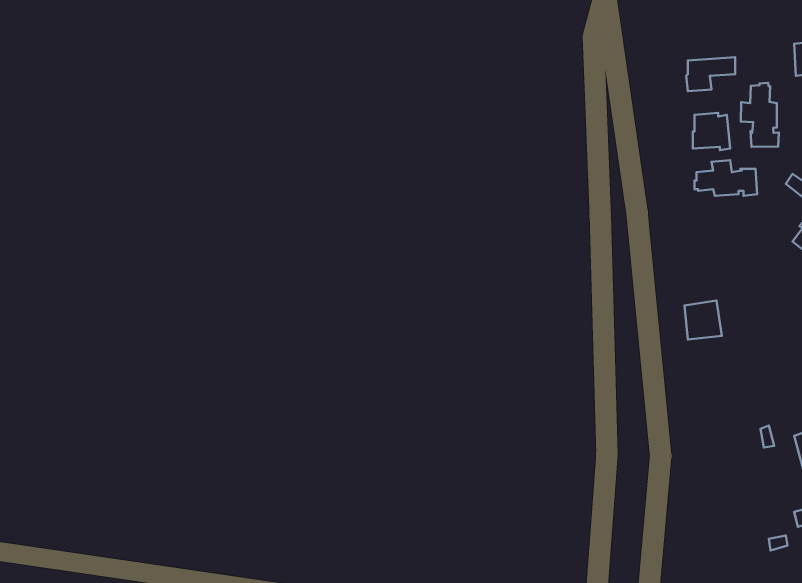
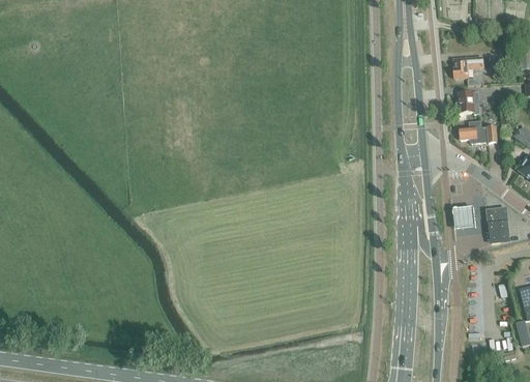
building: [741,83,779,147] -> none
building: none -> [485,206,509,242]

